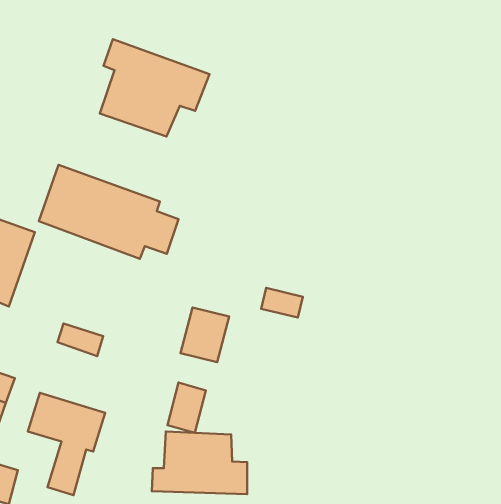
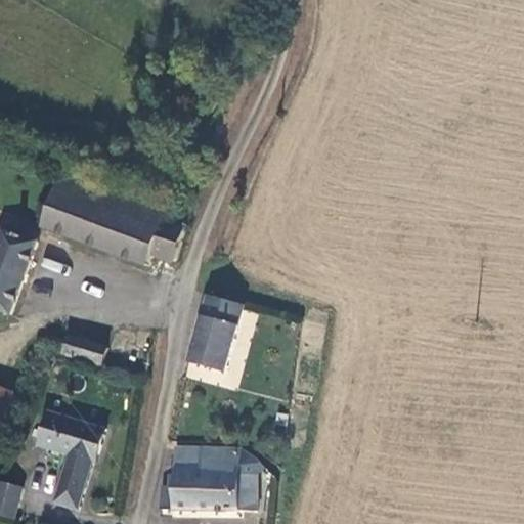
building: [100,39,210,136] -> none
building: [261,288,303,318] -> [199,296,242,326]
building: [168,383,206,433] -> none

